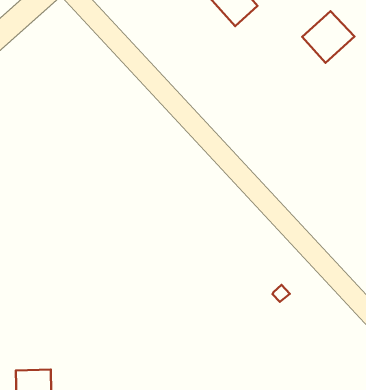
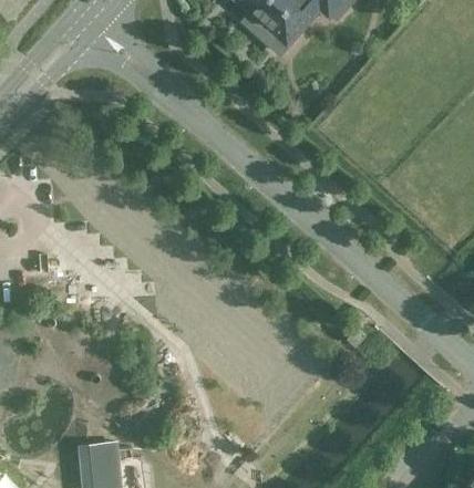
building: [302,11,354,63] -> none

